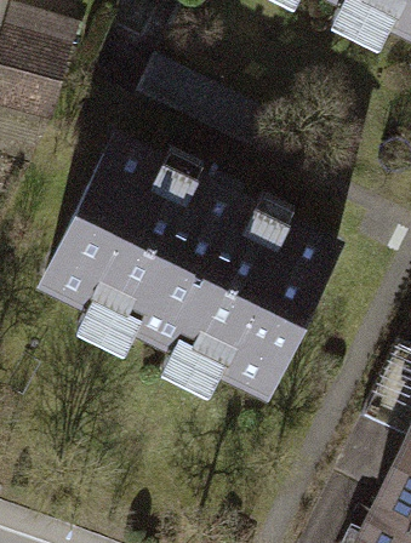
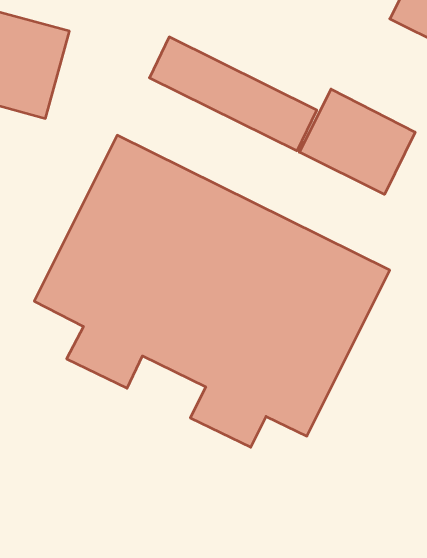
building: none -> [299,89,415,194]

